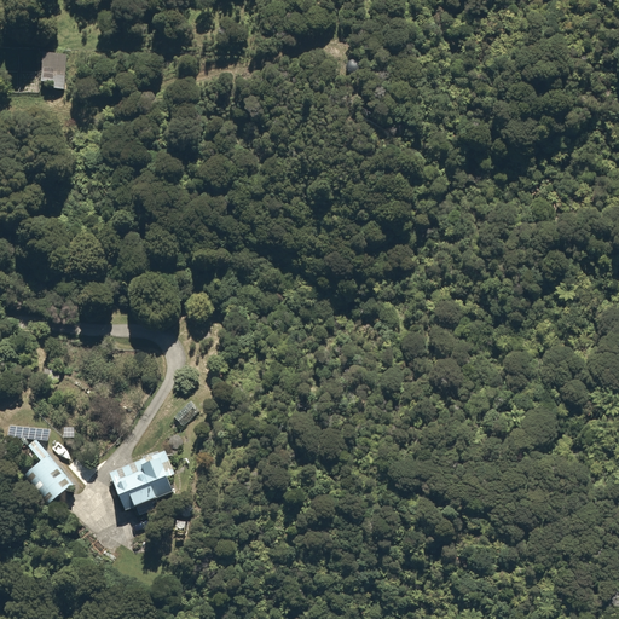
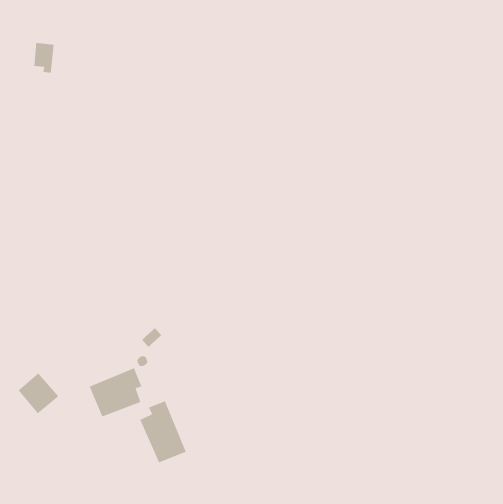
building: none -> [140,400,187,463]

